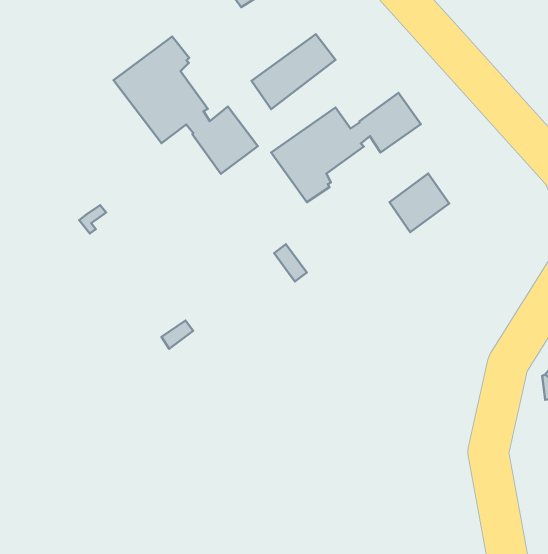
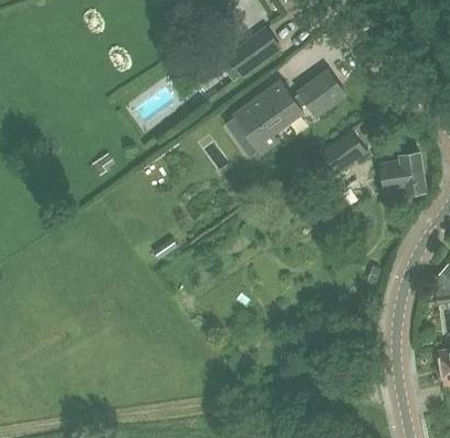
building: [113,37,258,174] -> none
building: none -> [379,153,426,194]

